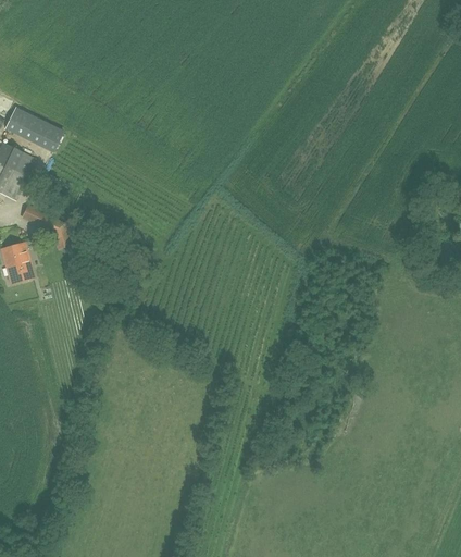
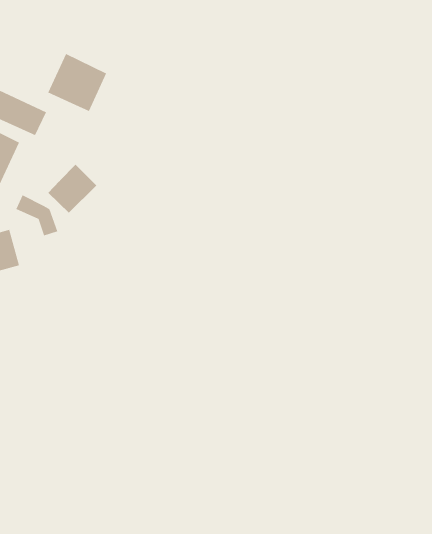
building: none -> [47,53,107,112]
building: none -> [47,164,97,214]

